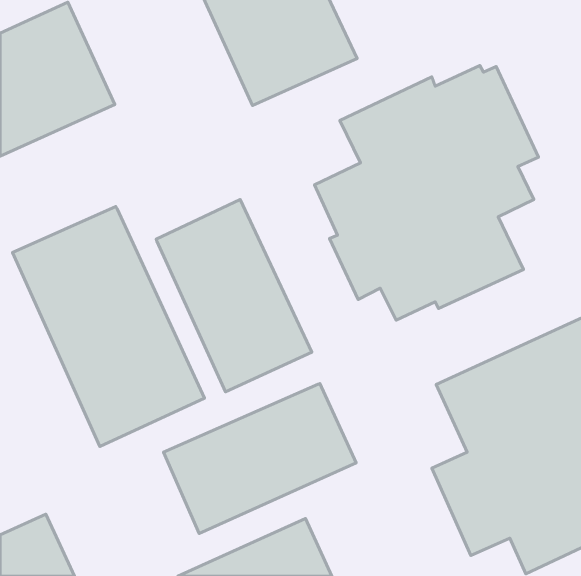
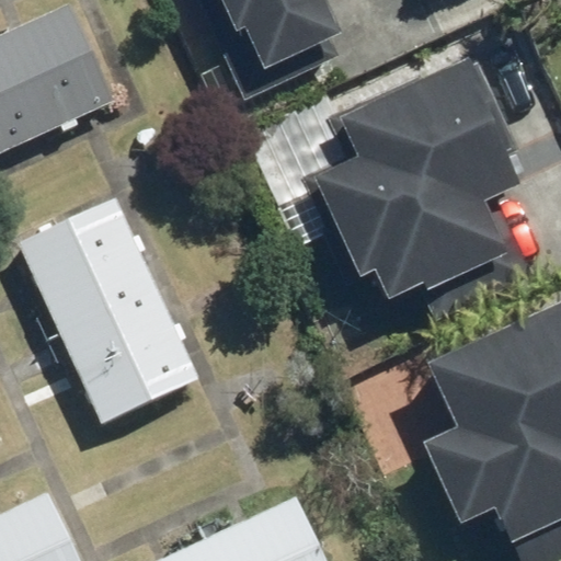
building: [156,199,312,392] -> none
building: [163,383,356,534] -> none

